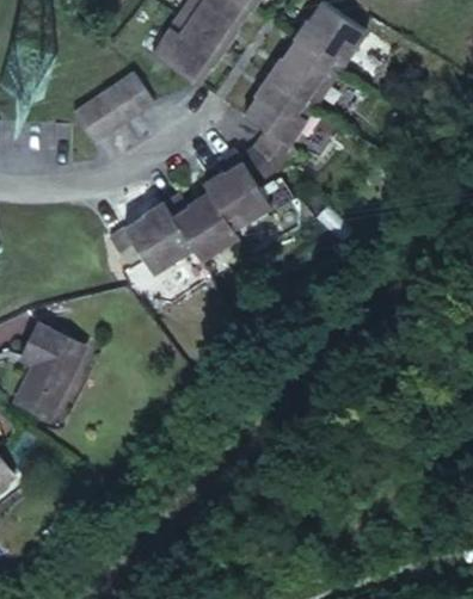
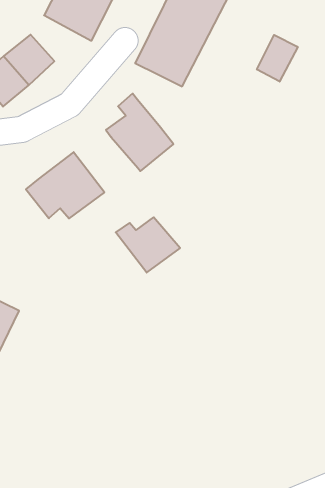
building: none -> [257,35,298,82]
building: [233,131,290,189] -> none
building: [159,193,226,252] -> [116,217,180,273]

